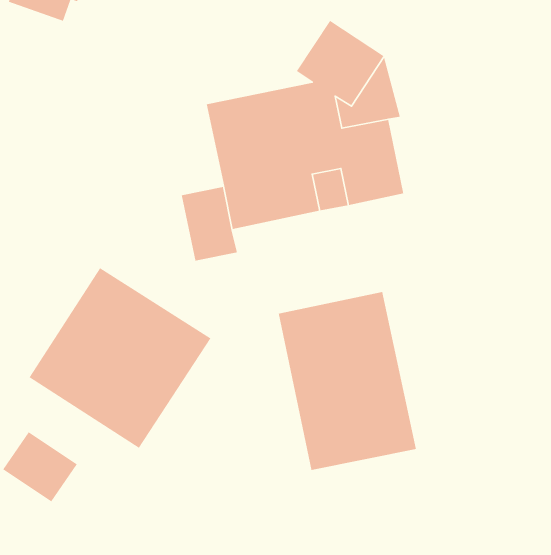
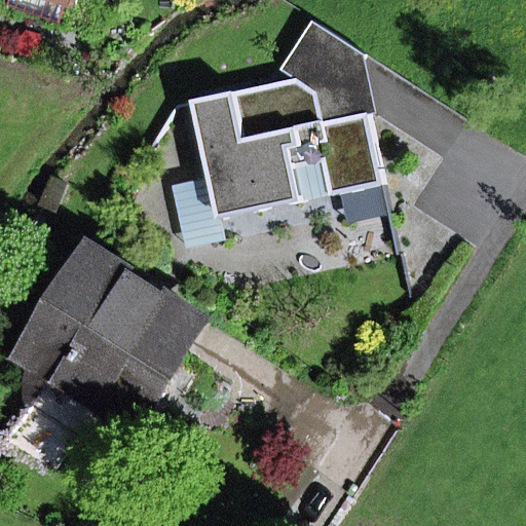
building: [278,291,417,471] -> none

